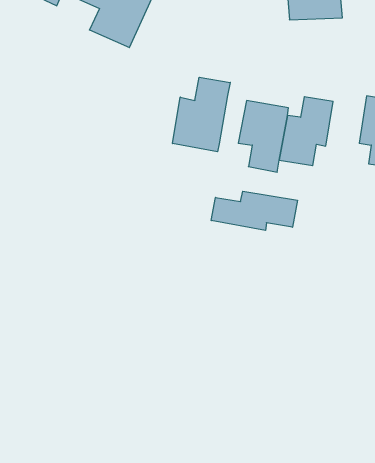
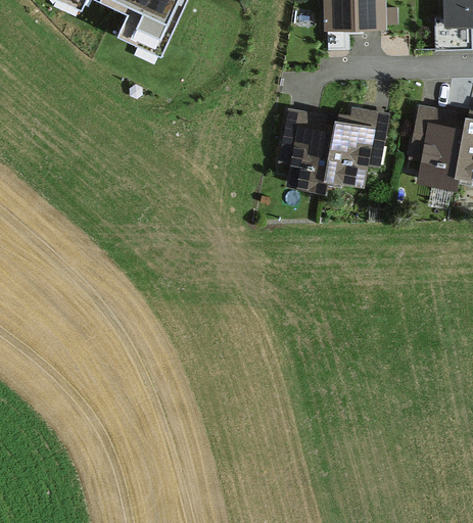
building: [173,77,230,152] -> none
building: [211,191,297,230] -> none

